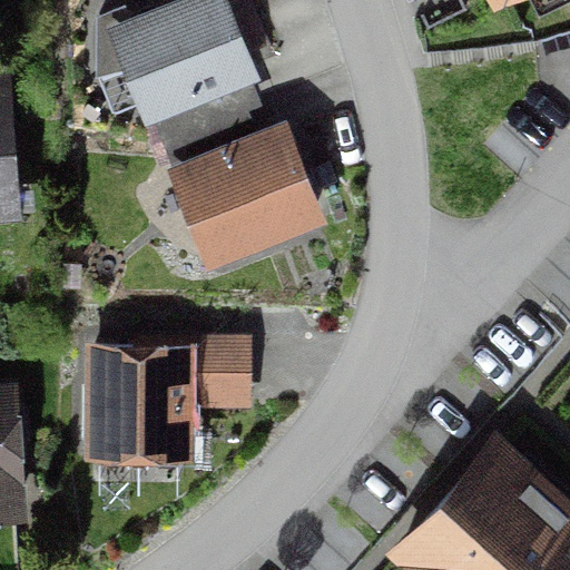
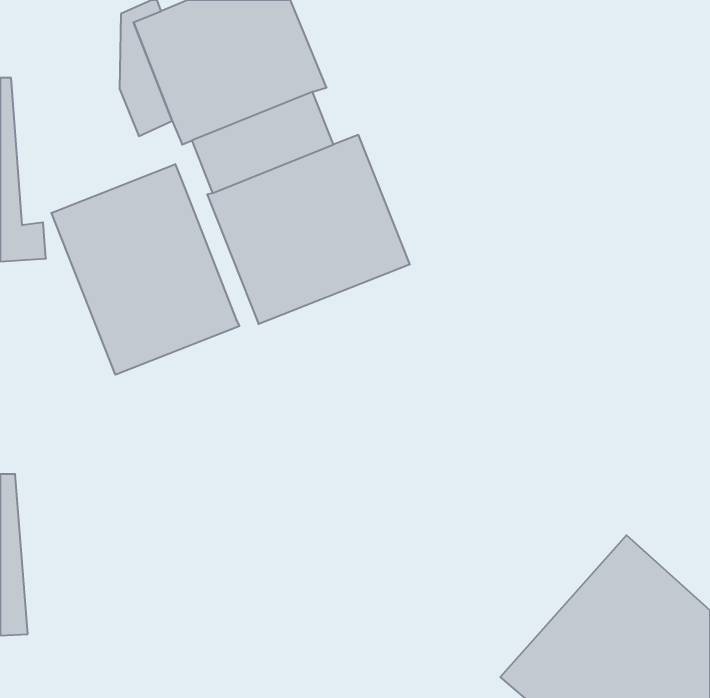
building: none -> [51,164,239,375]
building: [82,337,252,461] -> none

